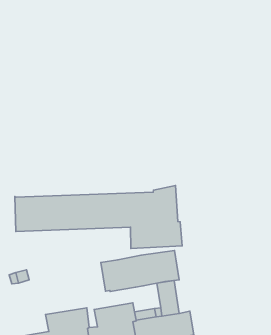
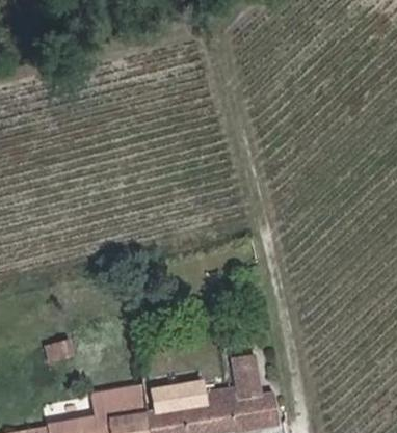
building: [15,185,182,248] -> none
building: [101,250,179,292] -> none

